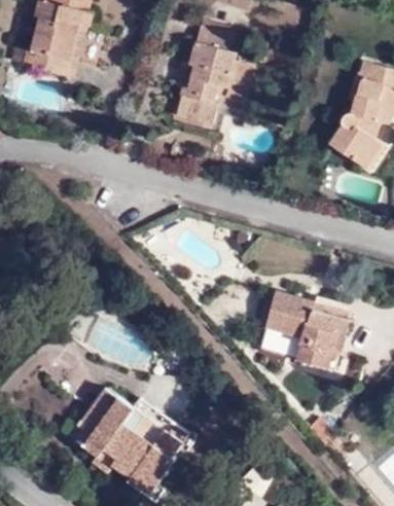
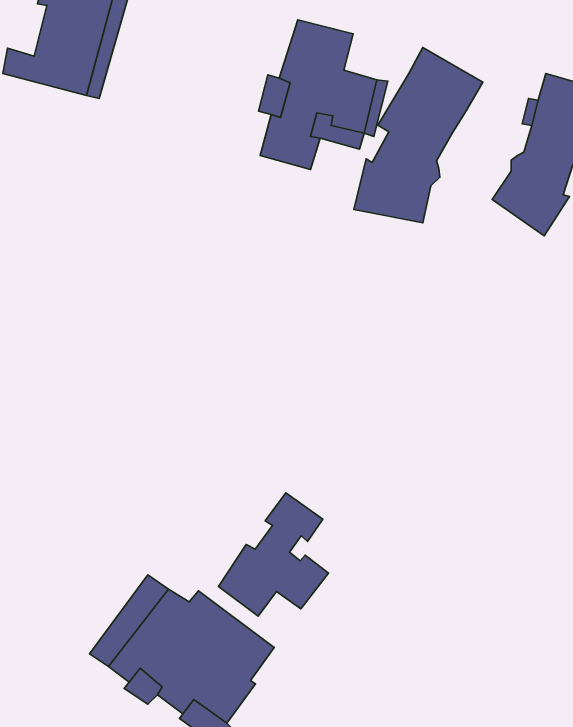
building: none -> [354,48,483,223]
building: [265,292,356,371] -> none
building: none -> [219,493,329,616]

